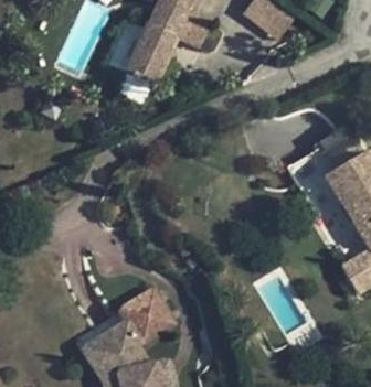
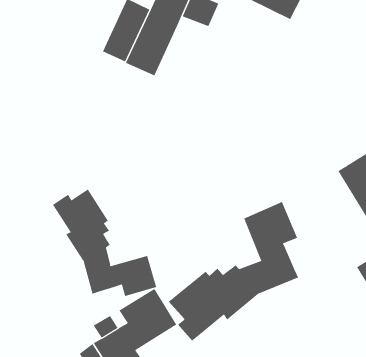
building: none -> [52,188,157,297]
building: none -> [168,201,299,342]

